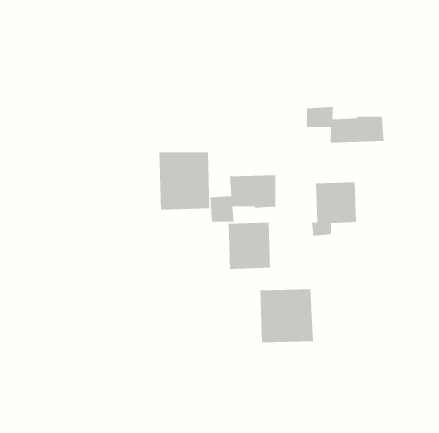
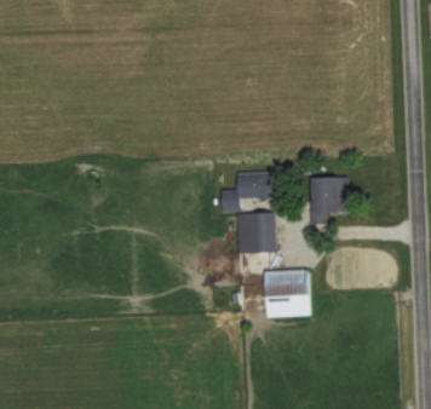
building: [307,106,384,143] -> none
building: [159,152,210,210] -> none

